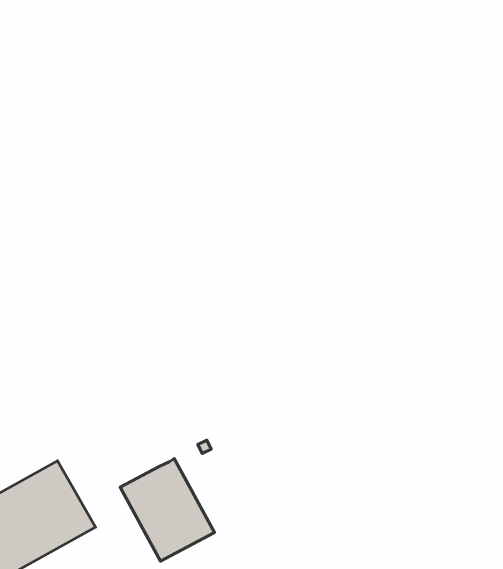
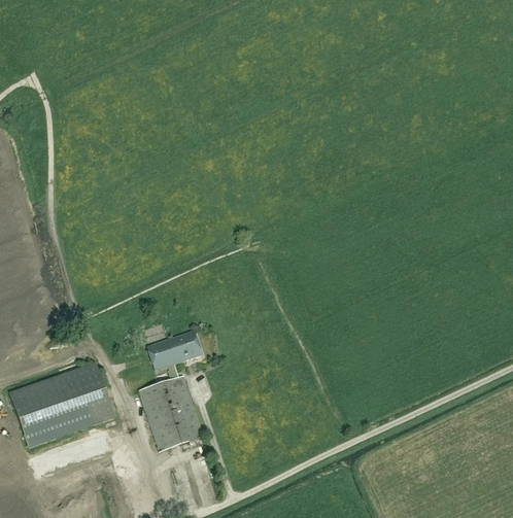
building: none -> [146,330,202,370]

